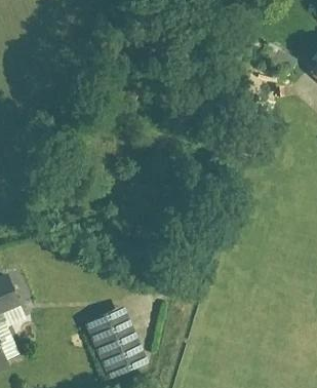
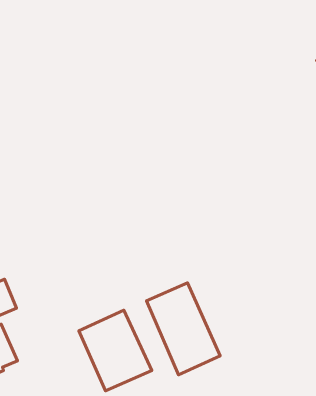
building: none -> [146,283,220,375]

